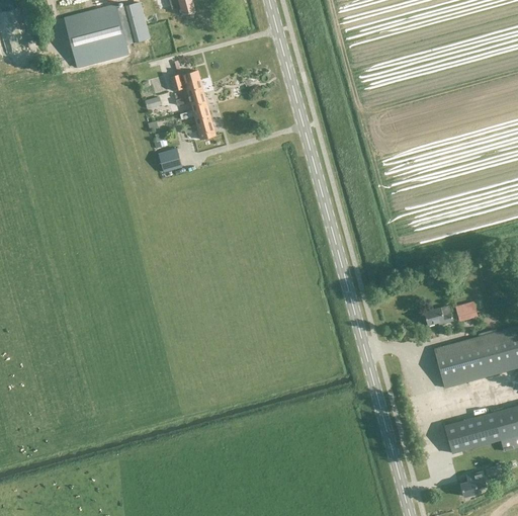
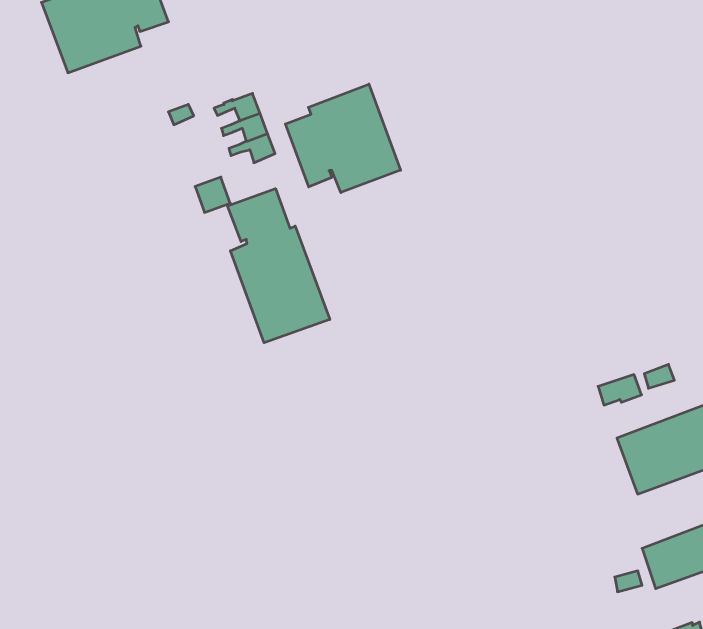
building: [170,70,203,96] -> none
building: none -> [285,84,401,193]
building: none -> [227,189,330,343]

